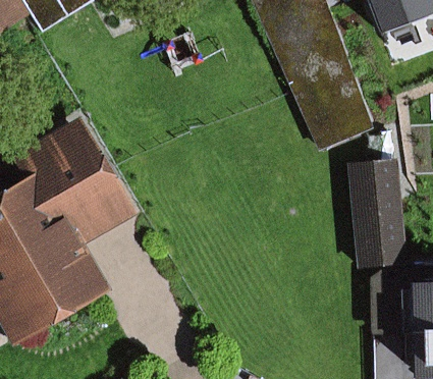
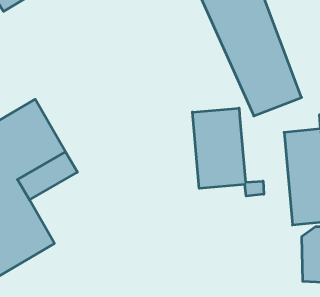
building: none -> [192,108,264,196]

